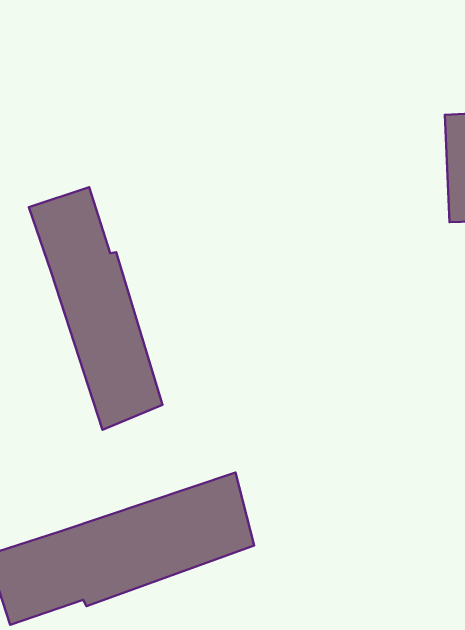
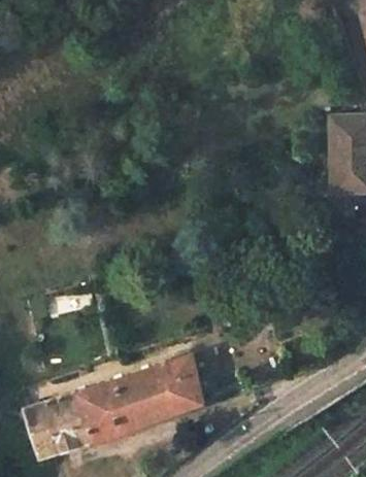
building: [29,187,162,430] -> none

